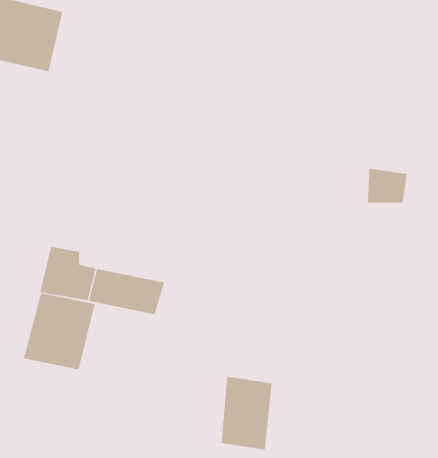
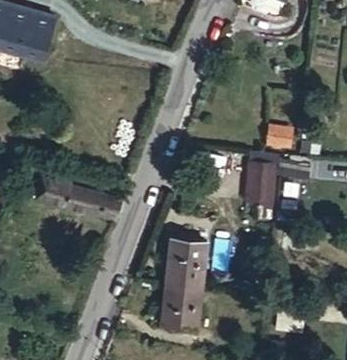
building: none -> [243,163,274,203]
building: [23,293,95,370] -> none
building: none -> [167,235,205,278]

